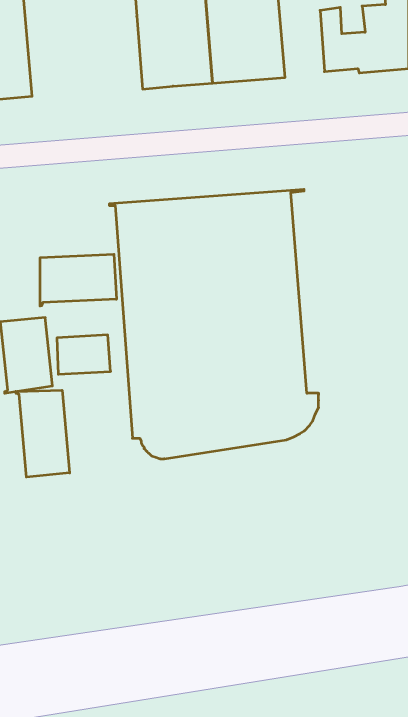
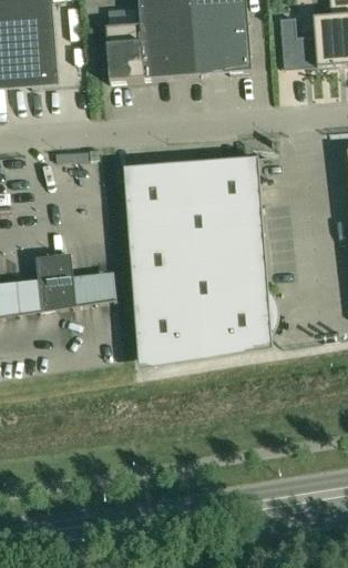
building: none -> [104,23,143,81]
building: [40,254,116,306] -> none
building: [16,390,70,477] -> none

